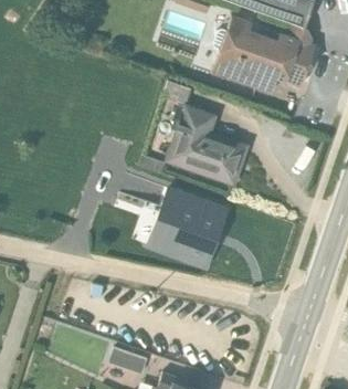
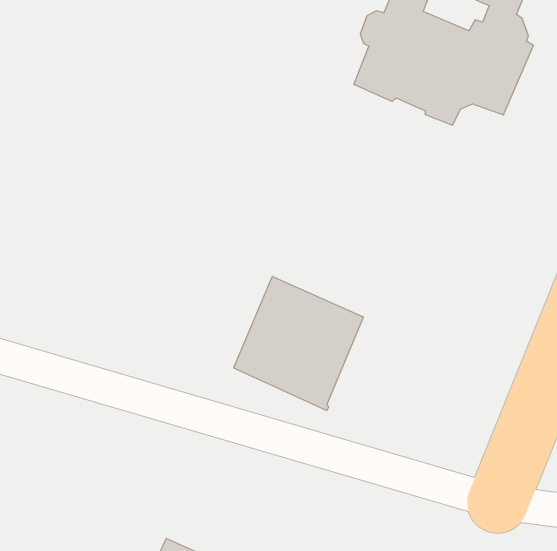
building: [164,80,247,183] -> none

